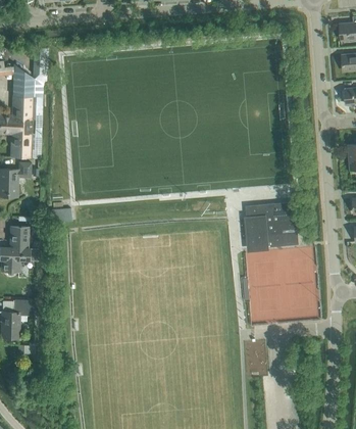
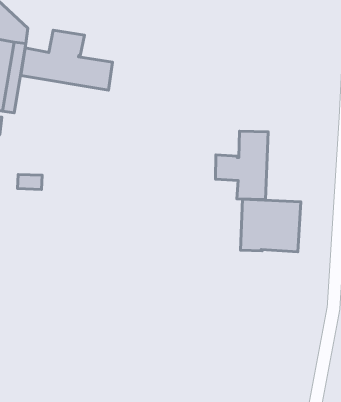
building: none -> [21,30,113,90]
building: none -> [215,131,268,200]

